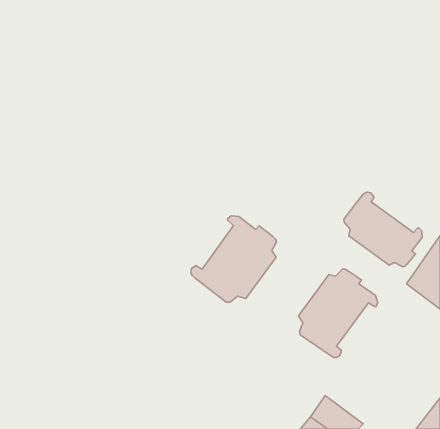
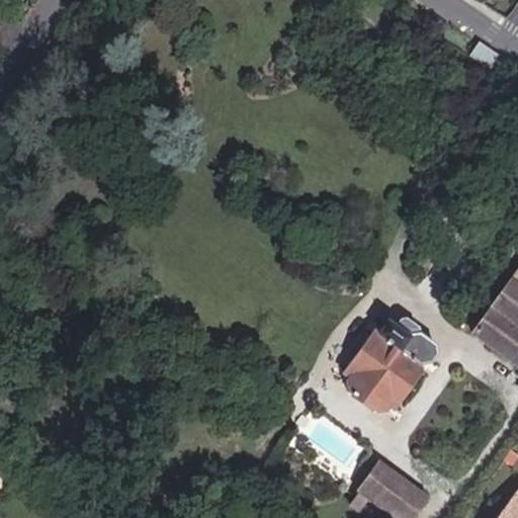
building: [344,192,422,267] -> none
building: [191,216,276,302] -> none

